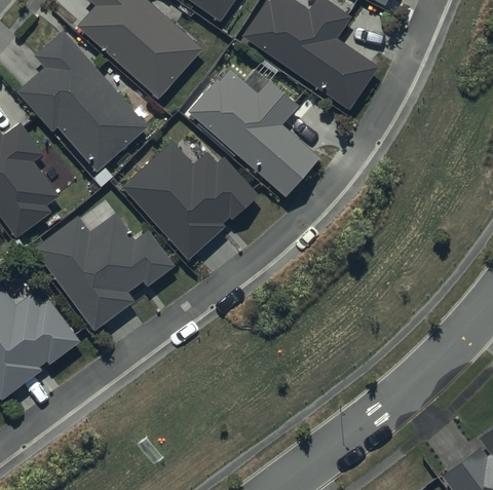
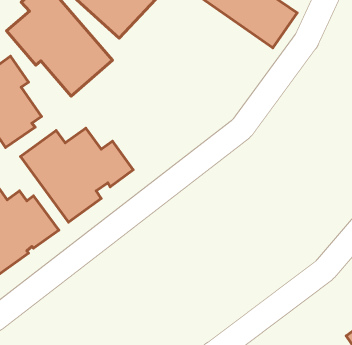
building: [188,70,320,197] -> none
building: [122,142,260,261] -> none

